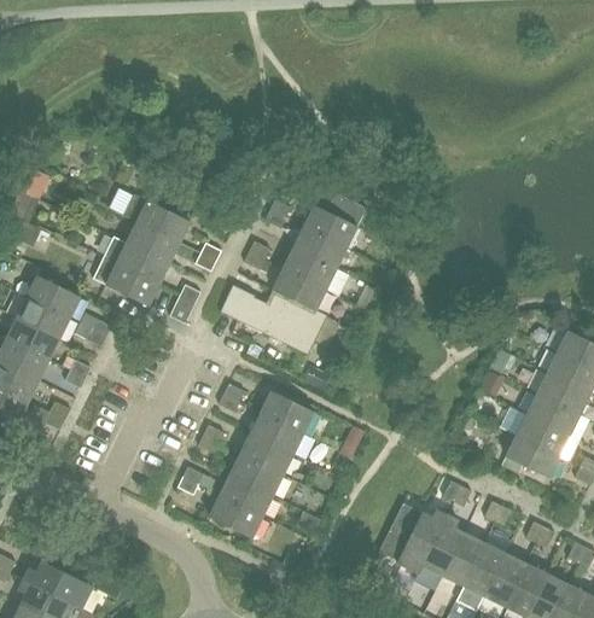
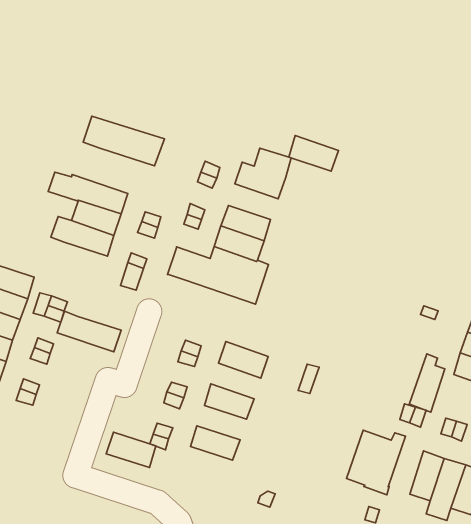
building: none -> [83,116,165,166]
building: [293,226,346,268] -> [289,136,339,171]
building: [92,256,159,305] -> [57,311,121,352]
building: [250,412,303,454] -> none
building: [229,454,283,495] -> none
building: [209,495,262,537] -> [106,432,156,468]
building: [421,514,464,576] -> [409,354,445,412]

